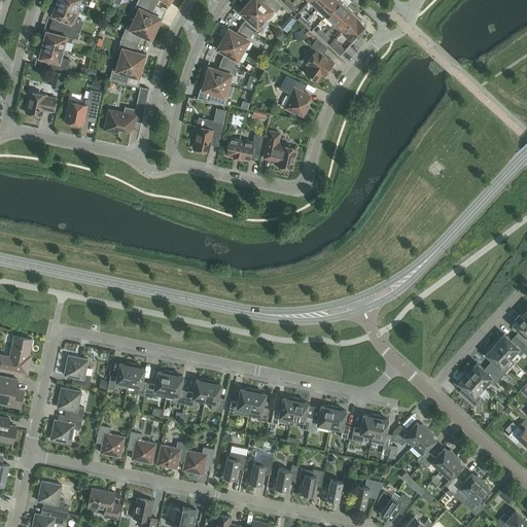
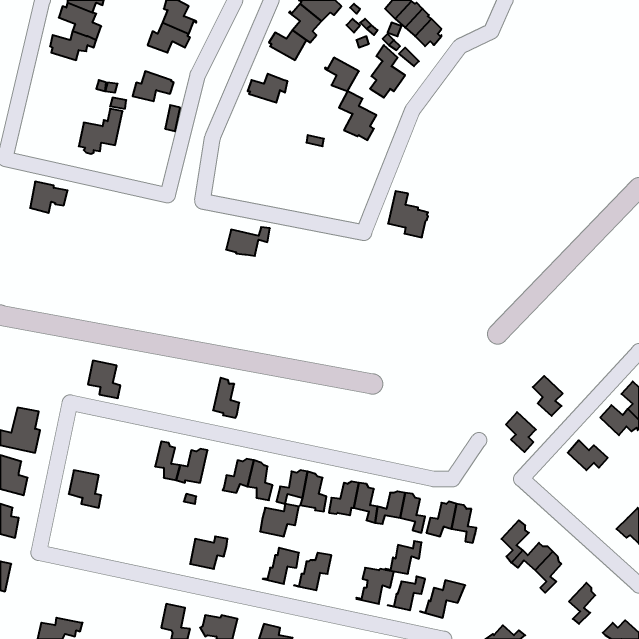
building: [118,37,146,66] -> none
building: [215,38,243,66] -> [325,58,359,91]
building: [36,43,69,70] -> none
building: [200,77,229,104] -> none
building: [26,91,57,116] -> [30,182,68,213]
building: [104,106,136,132] -> none
building: [192,118,222,151] -> none
building: [264,131,296,169] -> [388,191,428,237]
building: [225,135,261,159] -> [226,227,270,256]
building: [485,344,510,377] -> [533,376,563,416]
building: [64,355,91,386] -> [88,361,120,398]
building: [107,361,133,389] -> none
building: [165,371,186,403] -> [213,378,239,418]
building: [458,373,483,406] -> [506,412,536,452]
building: [49,415,81,444] -> none
building: [391,422,427,445] -> none
building: [96,425,125,456] -> none
building: [128,431,155,463] -> none
building: [182,447,214,473] -> [260,504,299,536]
building: [268,464,297,491] -> [385,541,422,574]
building: [449,472,483,502] -> none
building: [37,481,68,513] -> none
building: [85,487,120,518] -> none
building: [374,491,411,521] -> none

